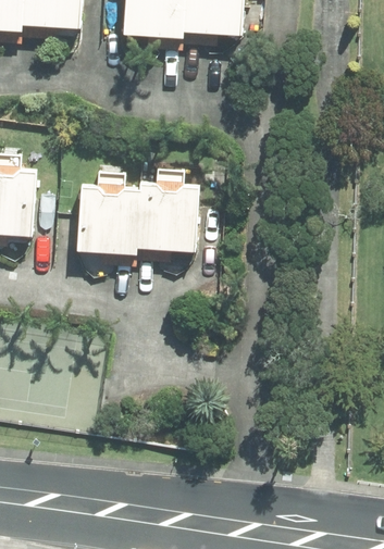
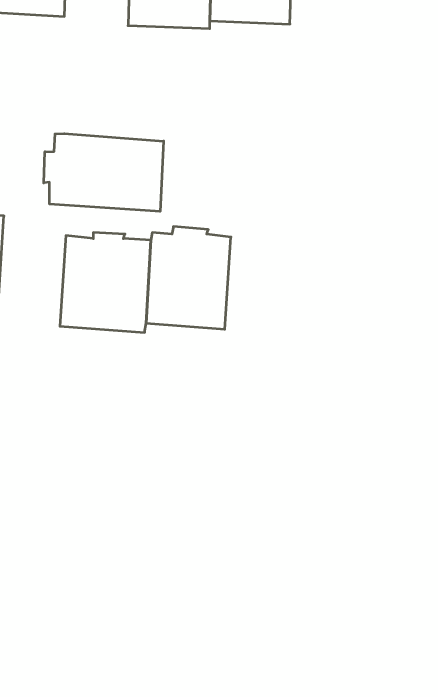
building: none -> [44,134,164,211]

